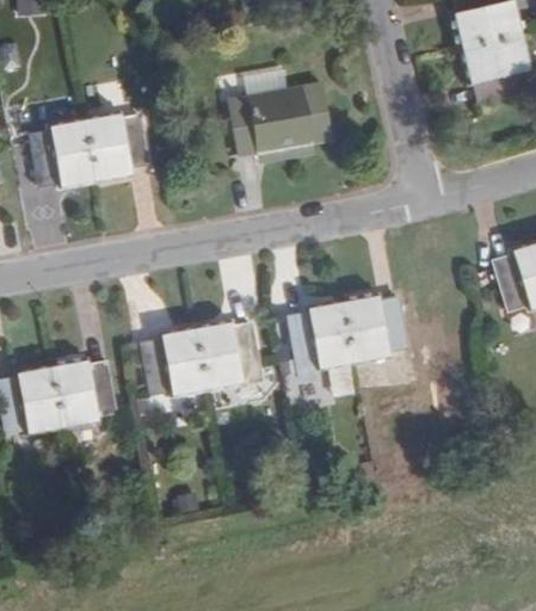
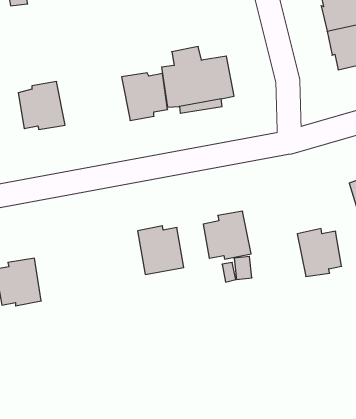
building: [84,113,148,180] -> [122,73,168,120]
building: [344,294,406,360] -> [297,229,342,276]
building: [142,328,208,395] -> none
building: [53,359,116,426] -> none

